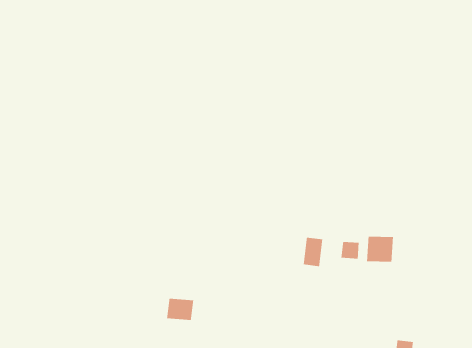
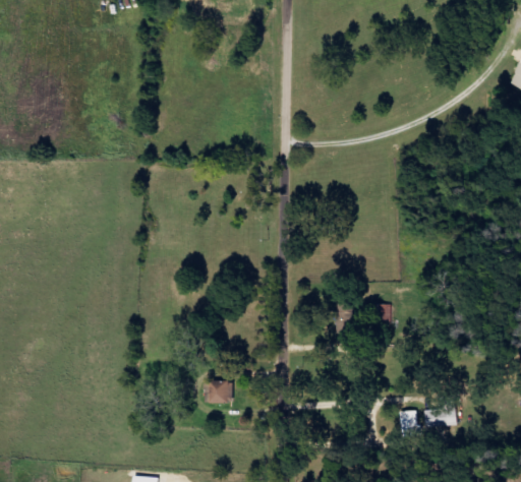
building: [366,236,394,263] -> none

